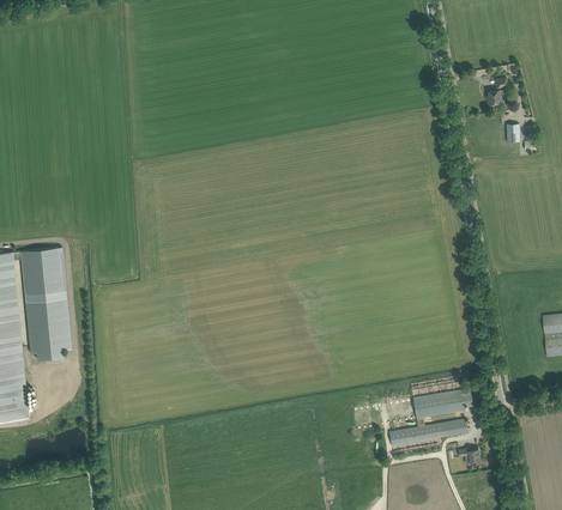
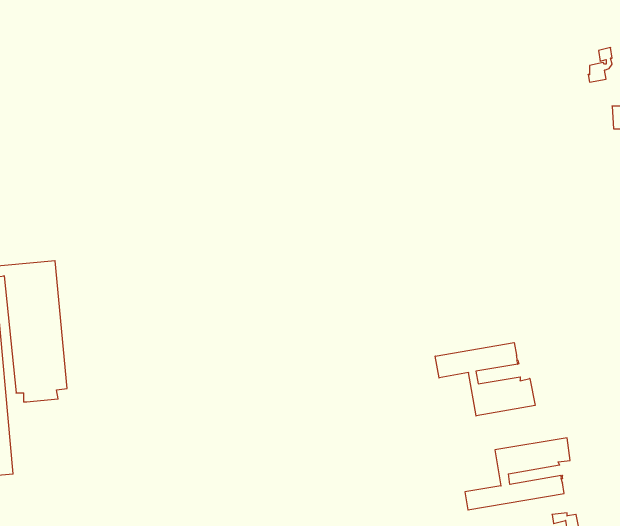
building: none -> [435,343,535,416]

